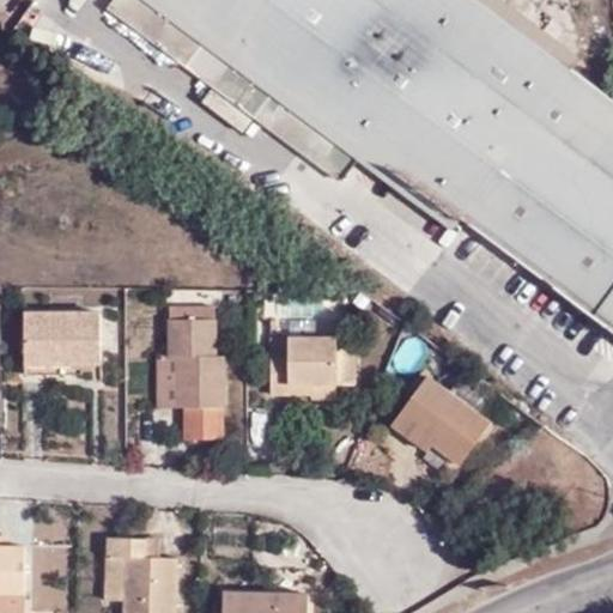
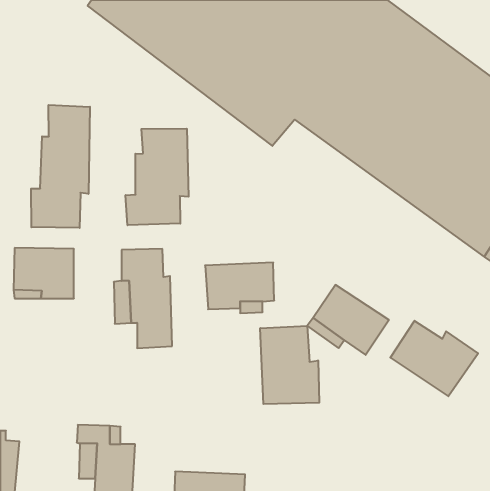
building: none -> [31,105,90,228]
building: none -> [126,129,189,225]
building: none -> [390,321,478,396]
building: none -> [260,326,319,404]

